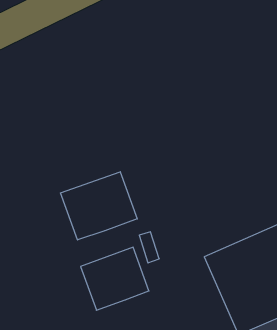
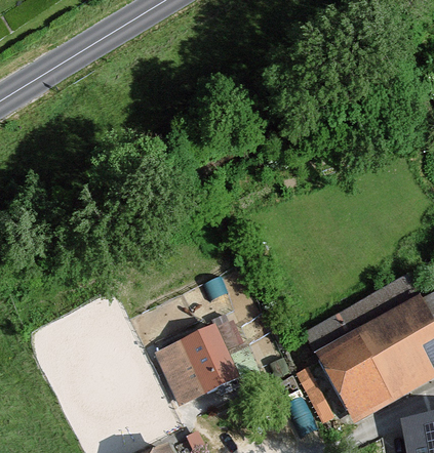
building: [61,172,137,240] -> none

